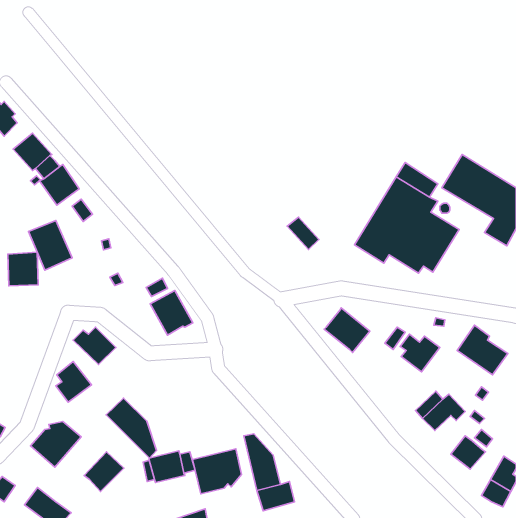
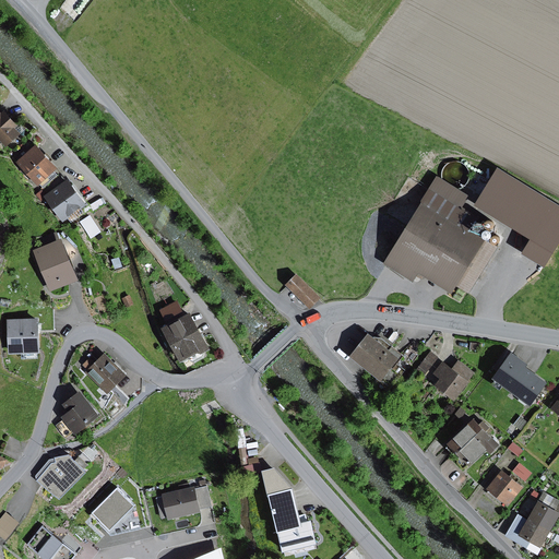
building: [287,217,319,250] -> [283,274,317,309]
building: [8,252,38,286] -> [5,317,38,353]
building: [106,398,156,458] -> none
building: [192,449,242,494] -> none

